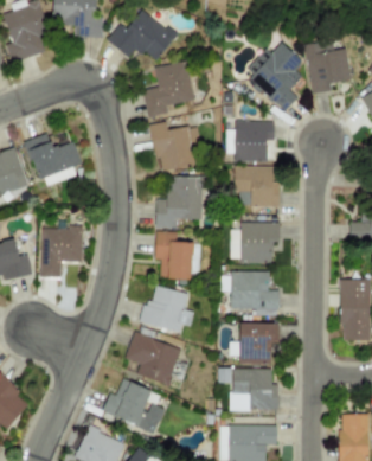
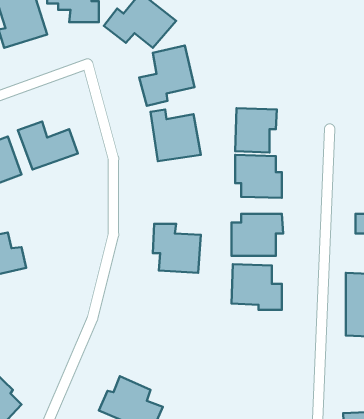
building: [303,39,351,94] -> none
building: [243,43,302,110] -> none
building: [155,177,201,228] -> none
building: [40,226,82,277] -> none
building: [139,286,193,332] -> none
building: [238,322,278,363] -> none
building: [124,332,180,385] -> none
building: [230,369,277,410] -> none

